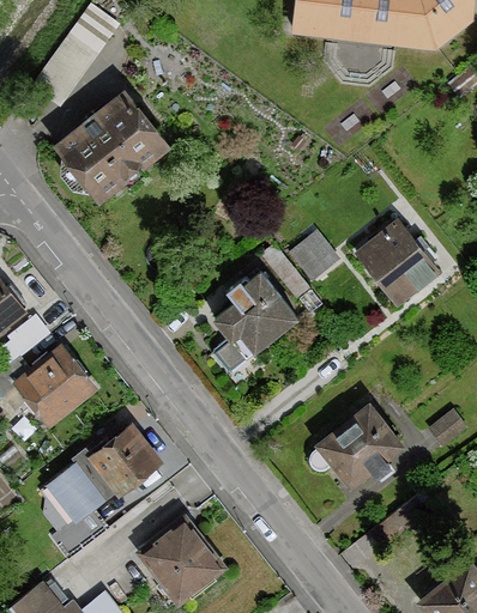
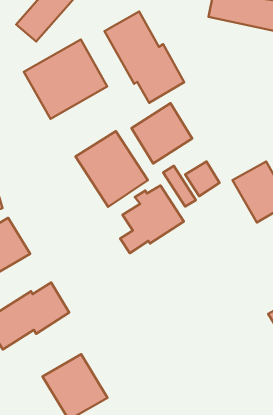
building: none -> [104,12,184,103]
building: none -> [131,103,192,164]
building: none -> [76,131,148,207]
building: [318,403,404,488] -> none

